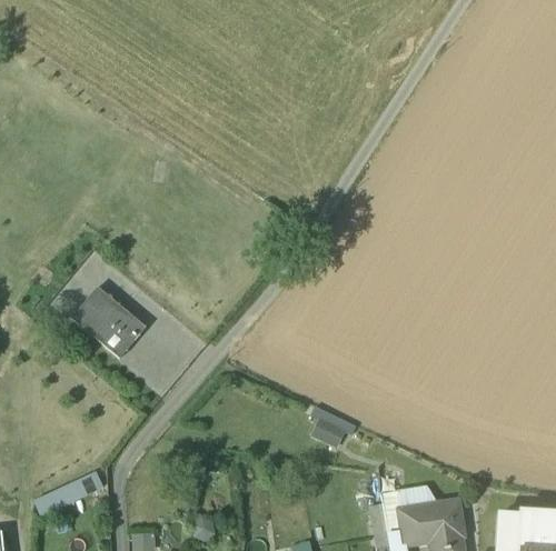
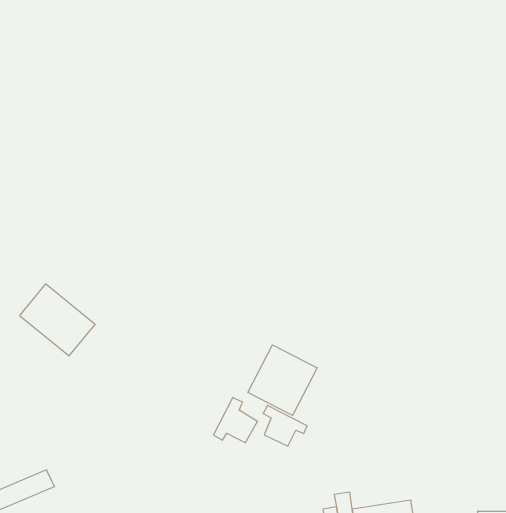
building: none -> [248,345,317,415]
building: none -> [213,397,258,443]

